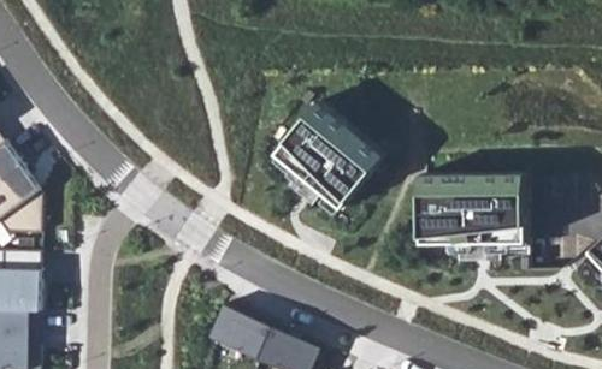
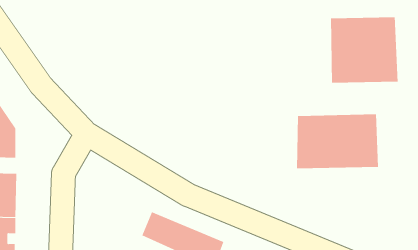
building: none -> [331,17,398,84]
building: [271,96,386,213] -> none

